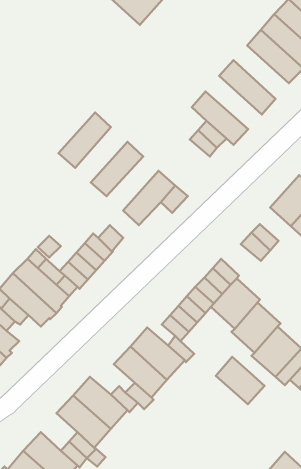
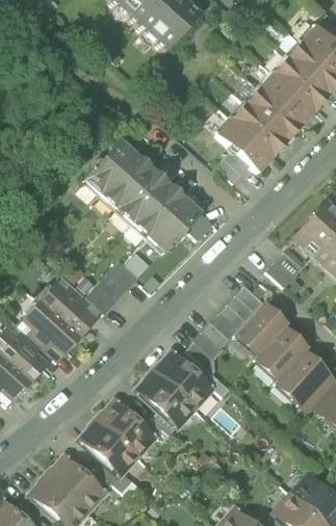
building: none -> [260,72,315,125]
building: none -> [232,102,288,155]
building: none -> [102,153,154,208]
building: none -> [133,182,185,236]
building: [216,357,264,404] -> none

